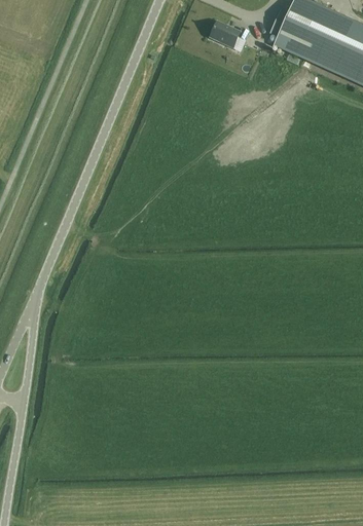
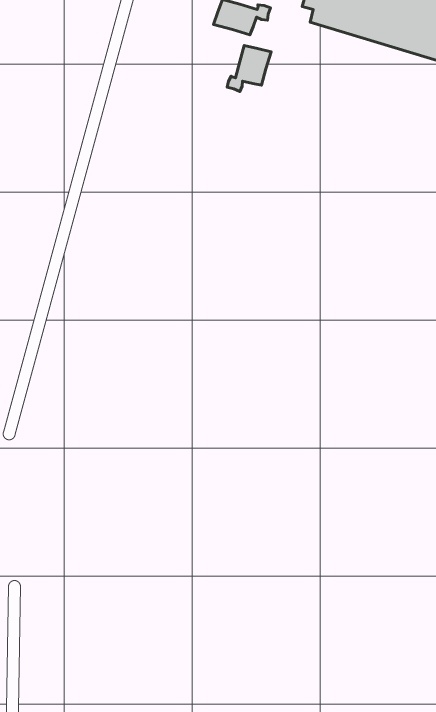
building: none -> [227,45,271,91]

